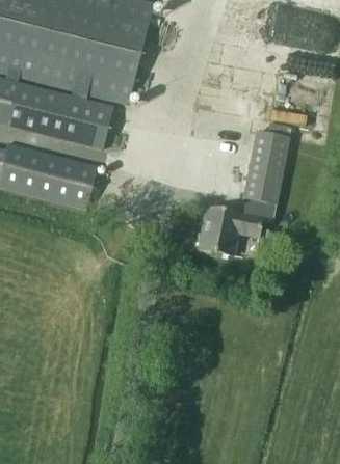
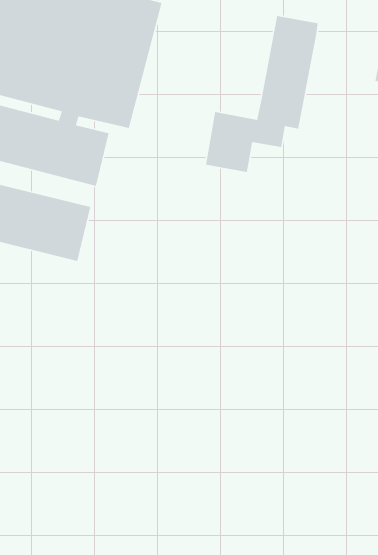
building: [199,132,288,256] -> [205,15,319,173]

